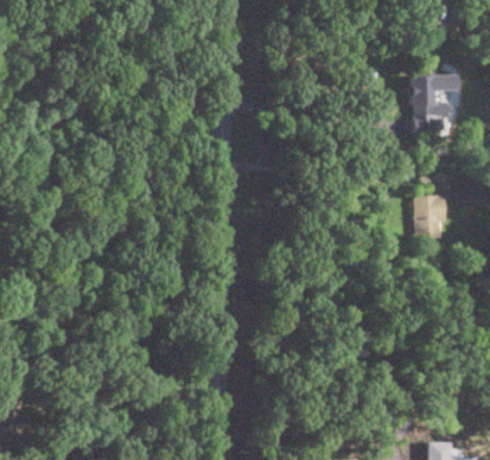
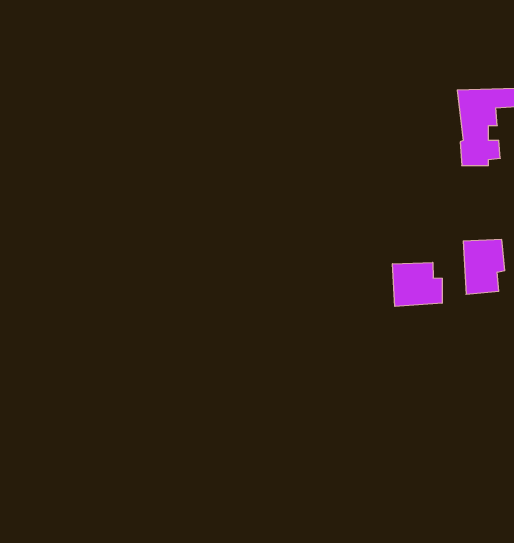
building: none -> [393,262,442,306]

